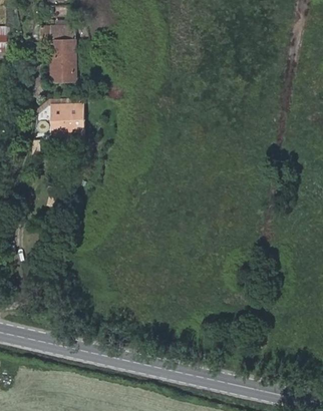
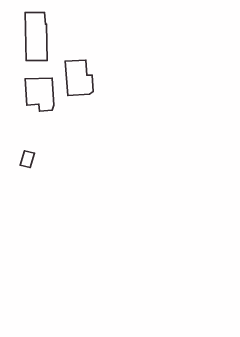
building: none -> [65,60,93,96]

